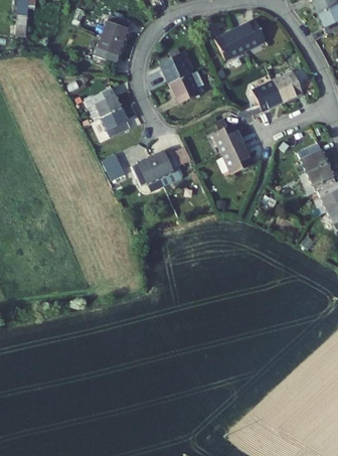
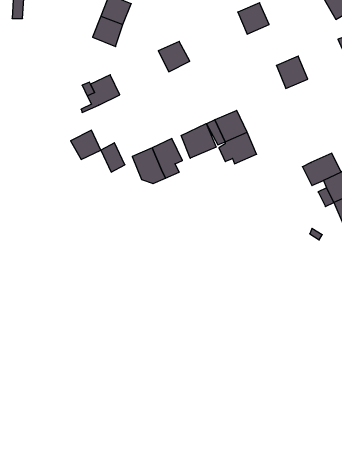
building: [214,27,243,57] -> none
building: [168,71,204,106] -> none
building: [251,79,281,109] -> none
building: [101,107,130,135] -> [71,130,101,159]
building: none -> [181,124,216,158]
building: [296,145,325,172] -> none

